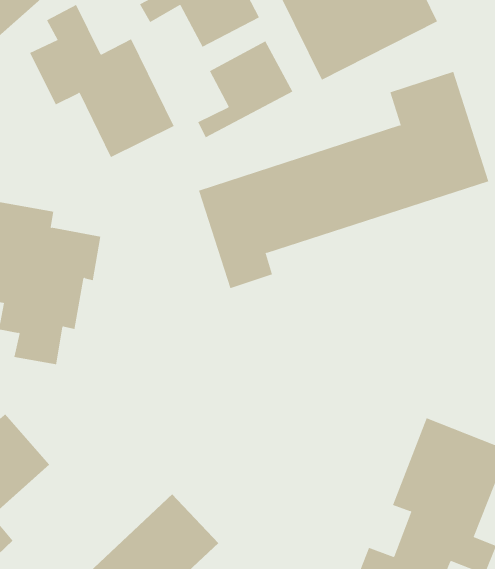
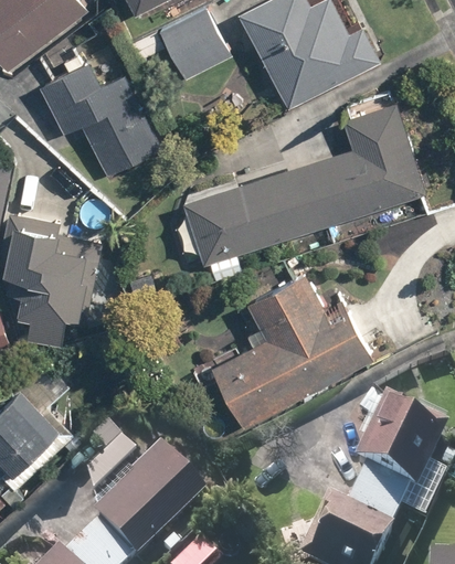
building: [198,40,293,138] -> none
building: none -> [204,270,374,433]

